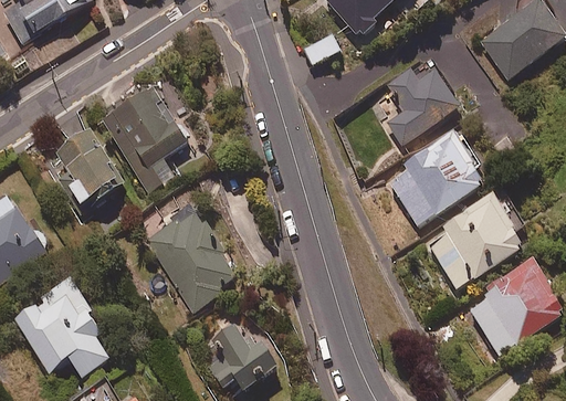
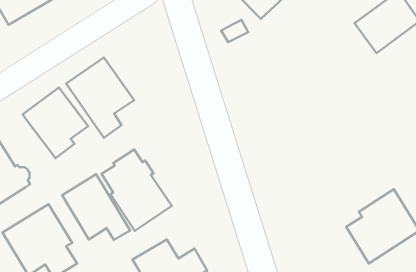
building: [384,66,458,147] -> none
building: [387,133,484,228] -> none
building: [428,188,523,291] -> none
building: none -> [62,174,130,240]

